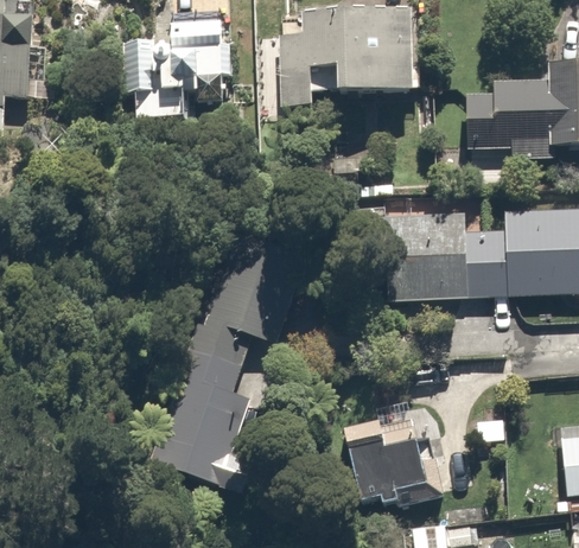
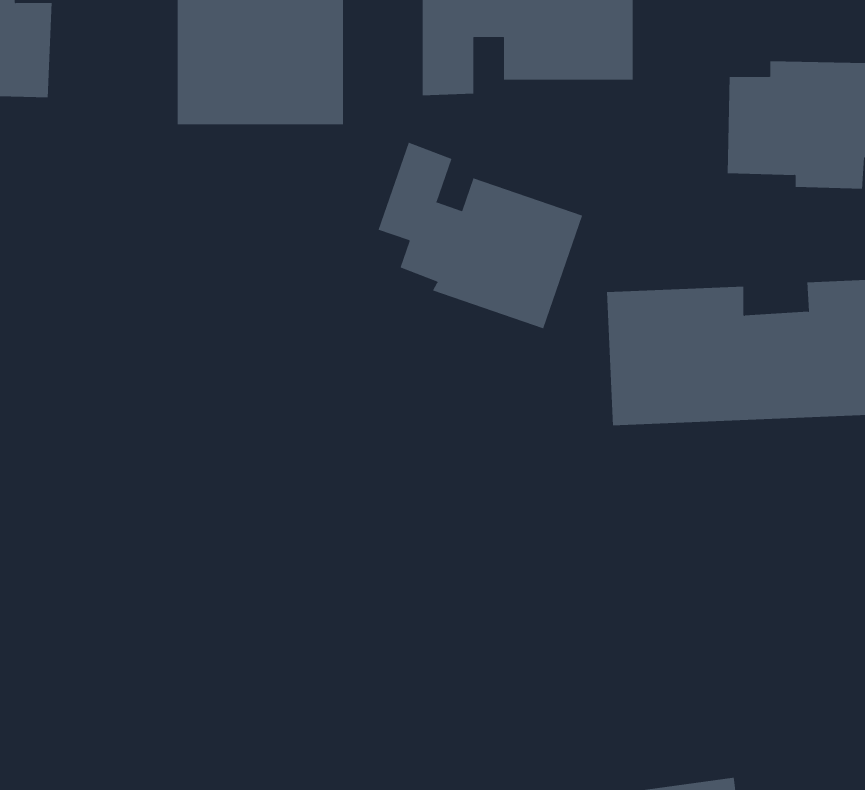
building: none -> [378,142,583,329]
building: [159,240,304,482] -> none
building: [341,421,420,501] -> none

